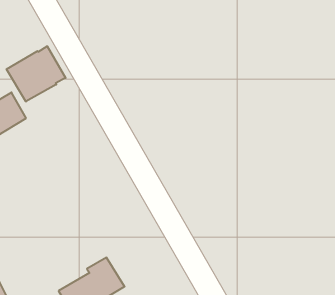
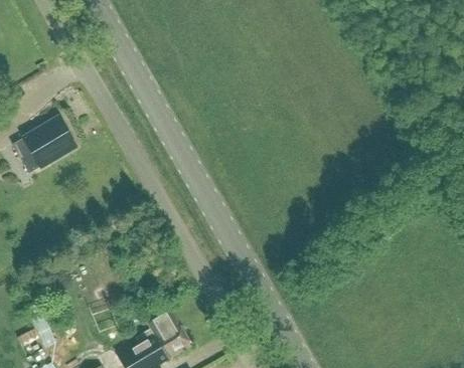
building: [7,46,66,102] -> none

